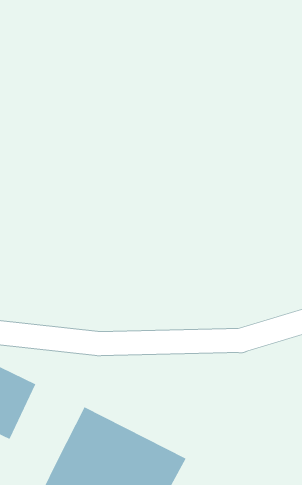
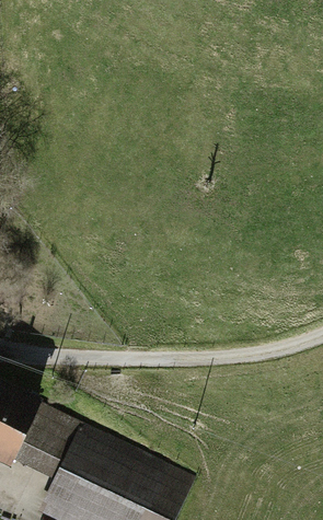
building: none -> [12,406,88,485]

